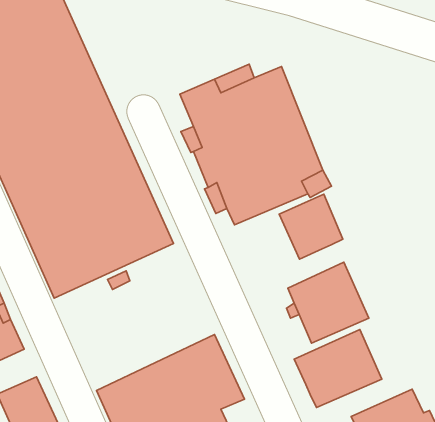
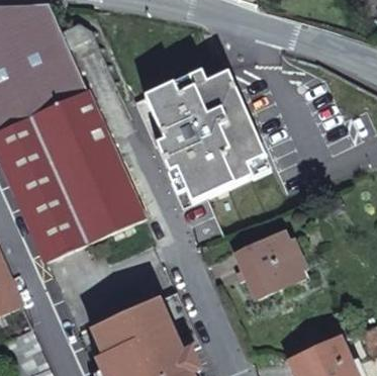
building: [279,194,343,259] -> none
building: [294,330,382,407] -> none

